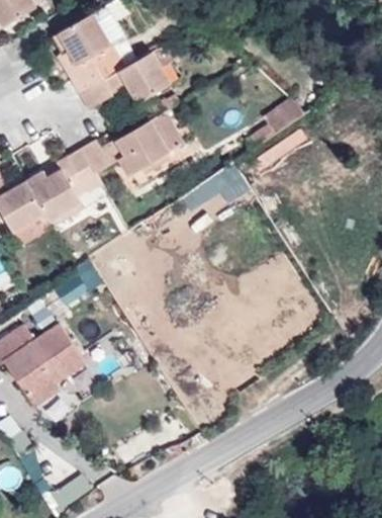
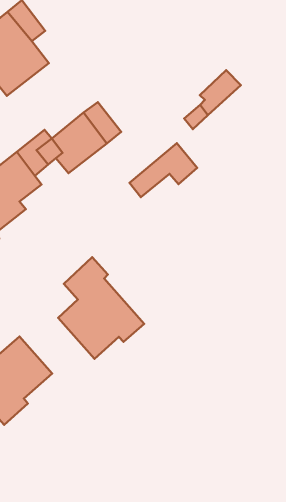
building: [80,45,173,109] -> none
building: none -> [58,257,144,359]

